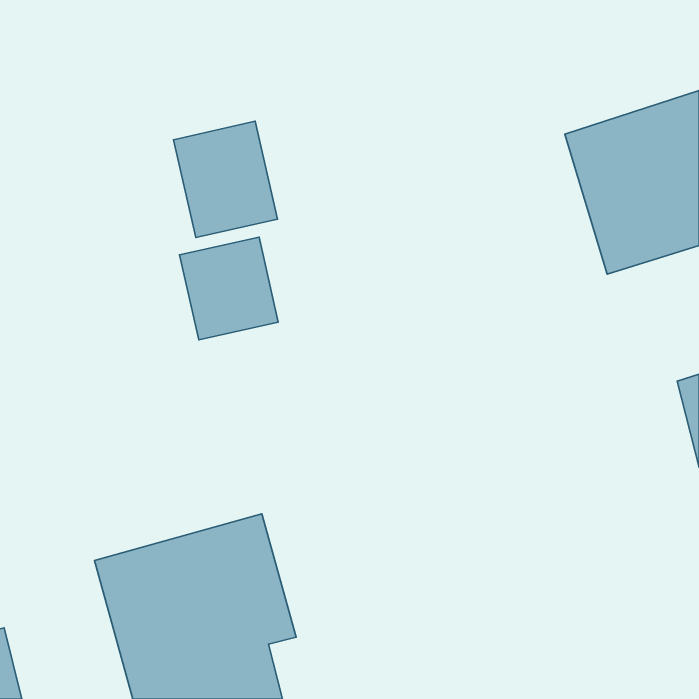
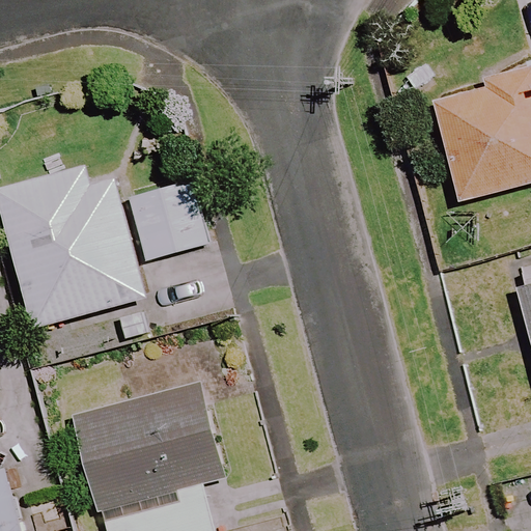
building: [174,121,277,238] -> none
building: none -> [5,161,152,323]

